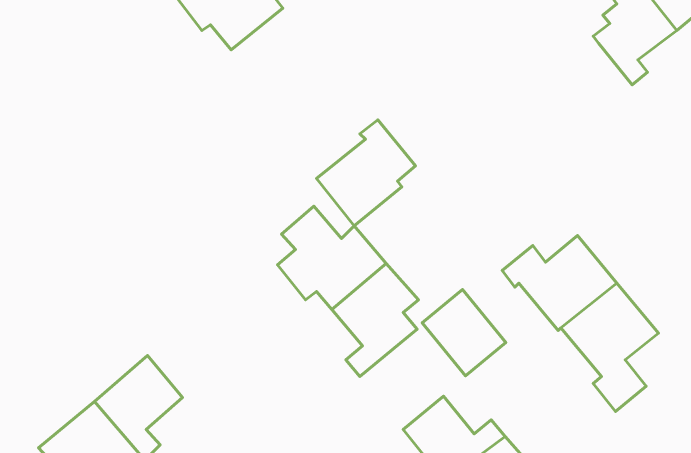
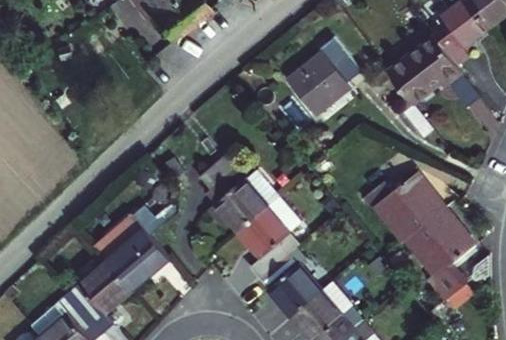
building: none -> [387,37,464,105]
building: [317,120,416,226] -> [288,40,359,116]
building: none -> [95,213,167,291]
building: [422,289,506,376] -> [263,252,323,314]

